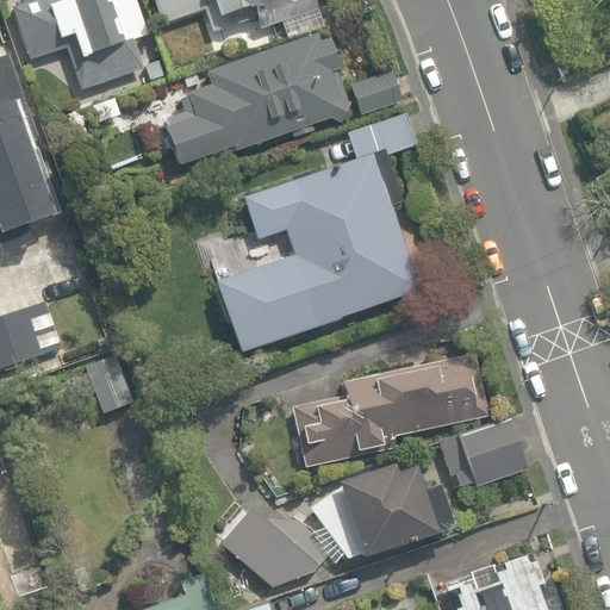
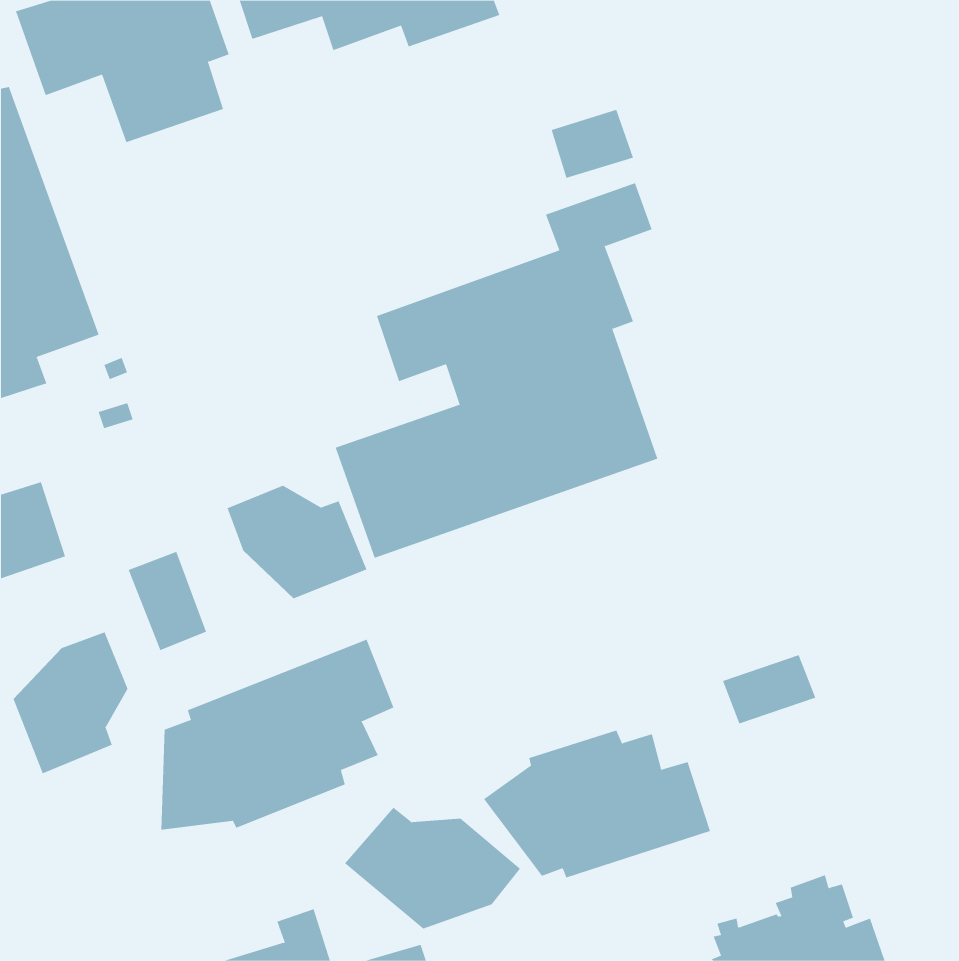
building: [155,32,350,164] -> none
building: none -> [227,485,367,599]
building: [291,351,487,465] -> none
building: none -> [13,632,128,774]
building: none -> [161,639,394,830]

